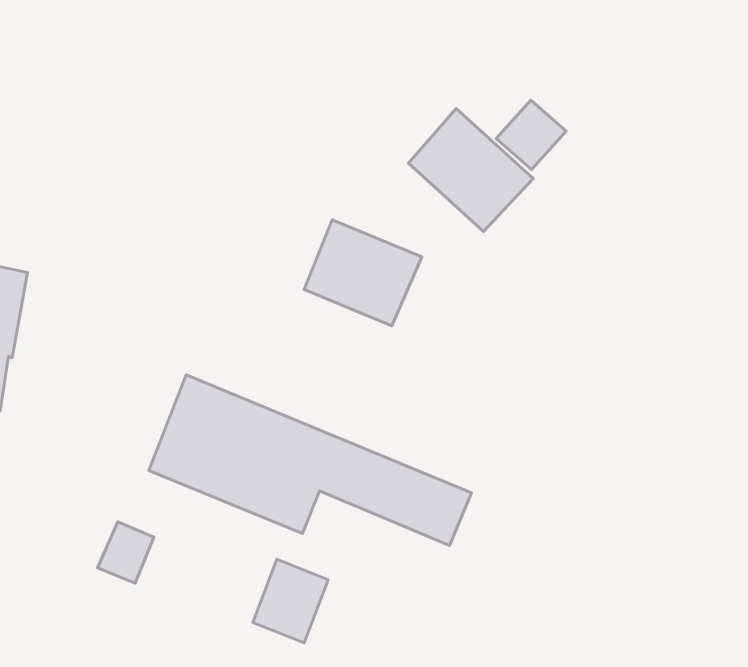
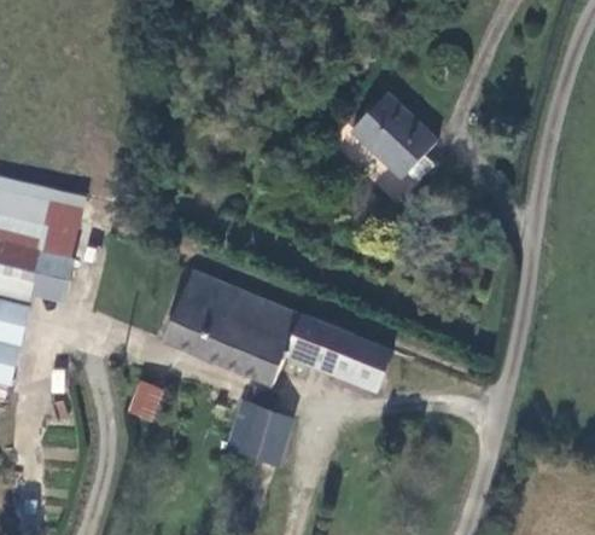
building: [496,100,566,169] -> none
building: [304,220,422,326] -> none

